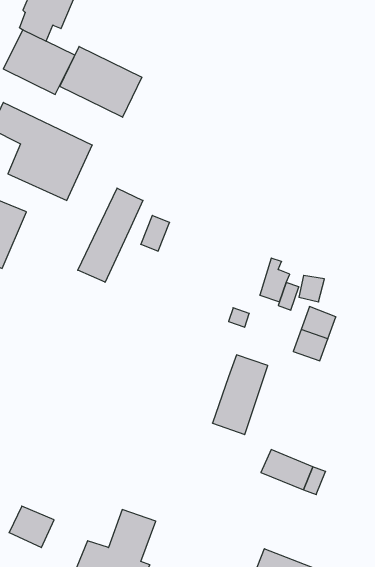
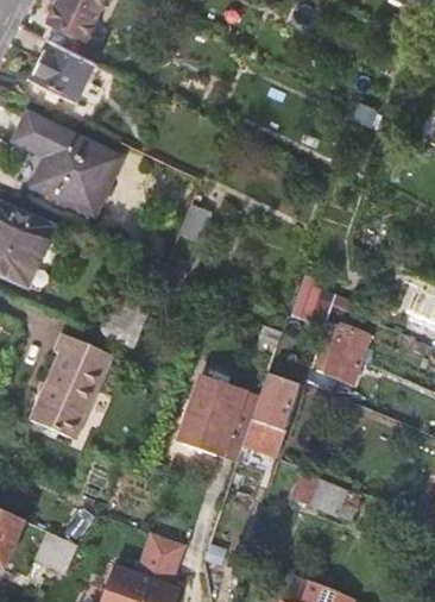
building: [60,46,142,117] -> none
building: [78,188,143,282] -> none
building: none -> [32,334,112,439]
building: none -> [177,377,259,463]

